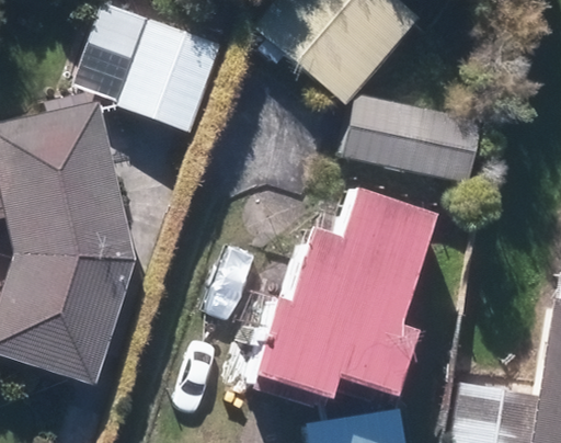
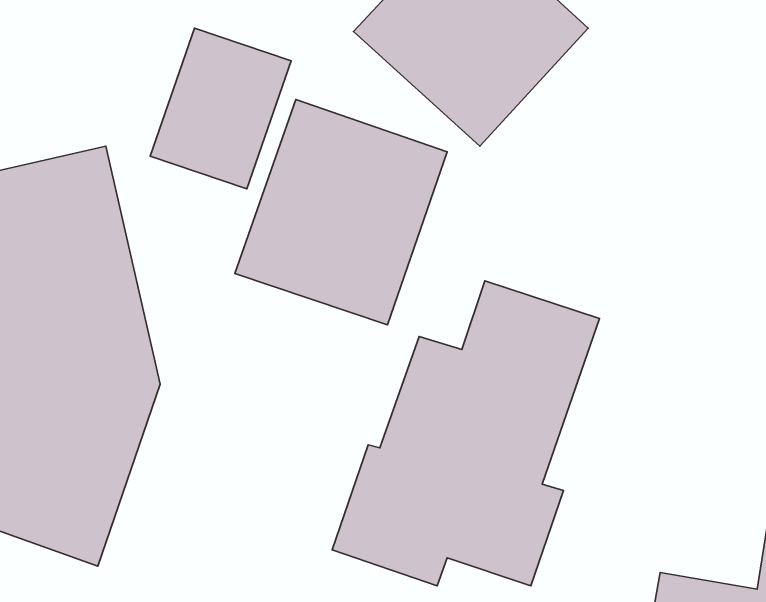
building: none -> [235,100,447,325]
building: [347,98,480,182] -> none

